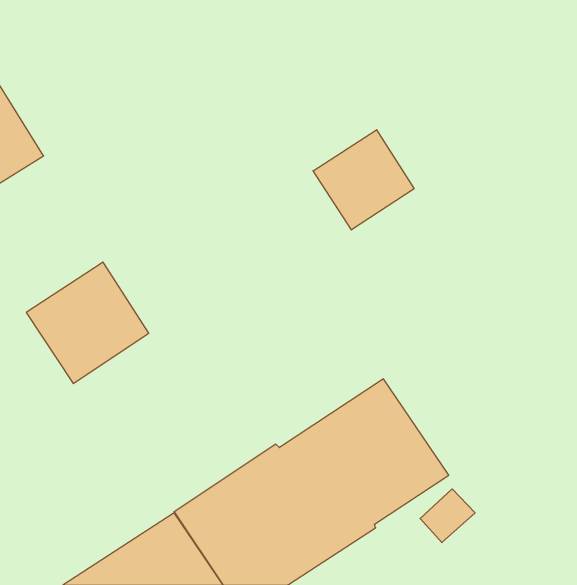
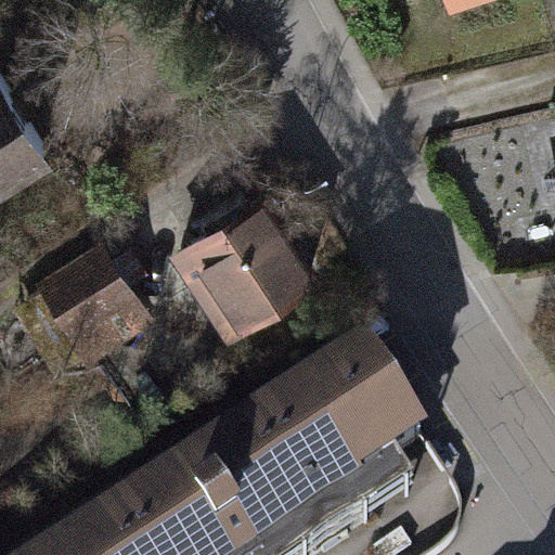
building: [313,130,414,230] -> none
building: none -> [172,196,313,337]

